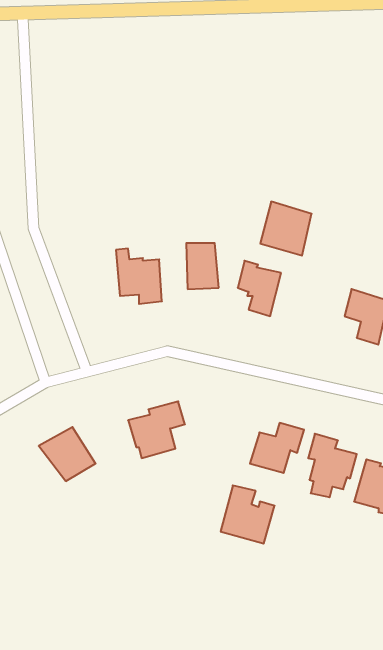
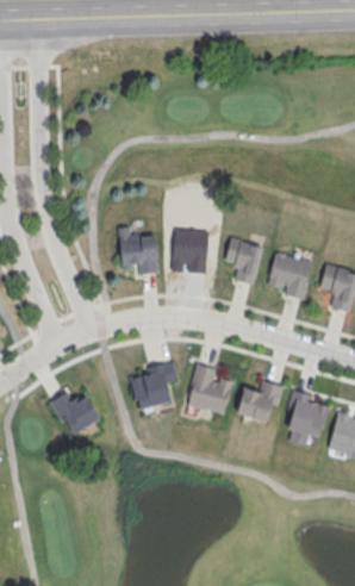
building: [260,202,312,256] -> [266,250,311,298]
building: [221,485,275,544] -> [186,364,233,416]

